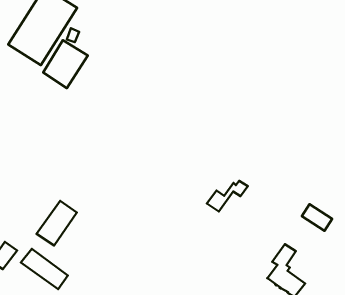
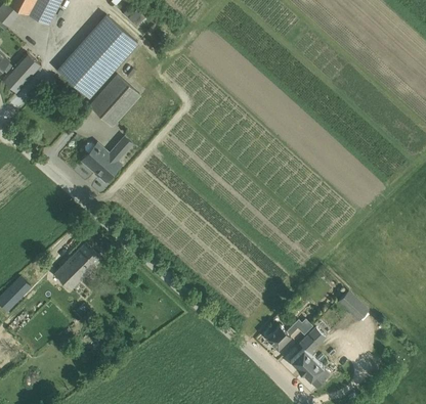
building: none -> [81,136,132,181]
building: [207,181,248,211] -> [266,319,312,348]
building: [21,249,68,289] -> none

